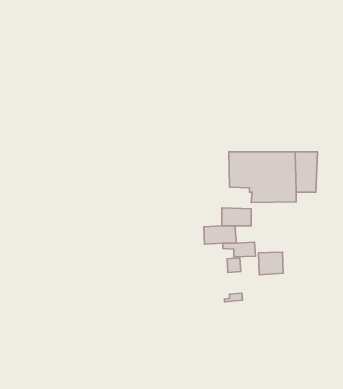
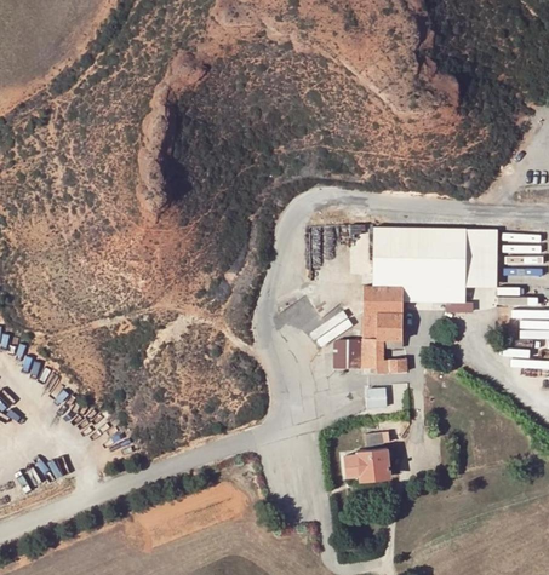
building: none -> [361,287,402,311]
building: [259,252,283,275] -> none
building: none -> [345,449,388,478]

